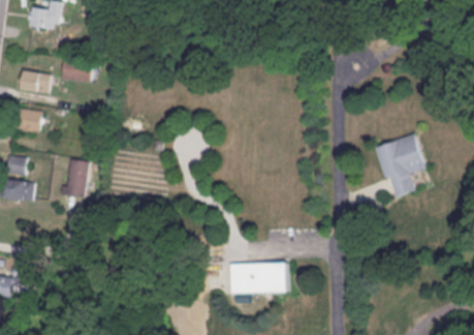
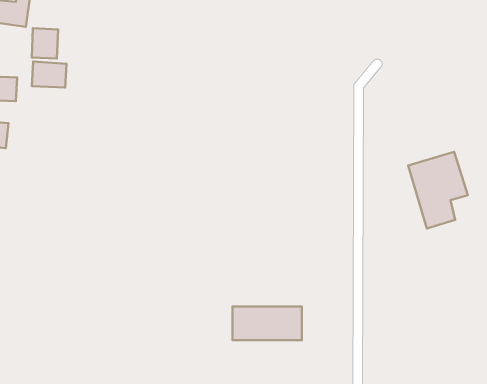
building: none -> [32,28,58,59]
building: [63,159,89,196] -> none

